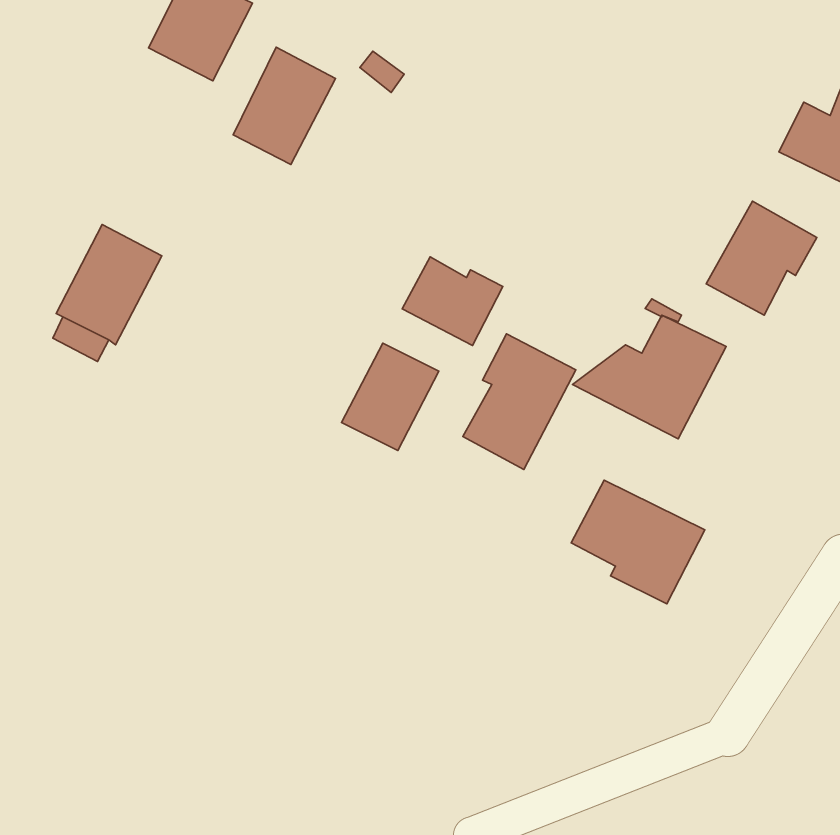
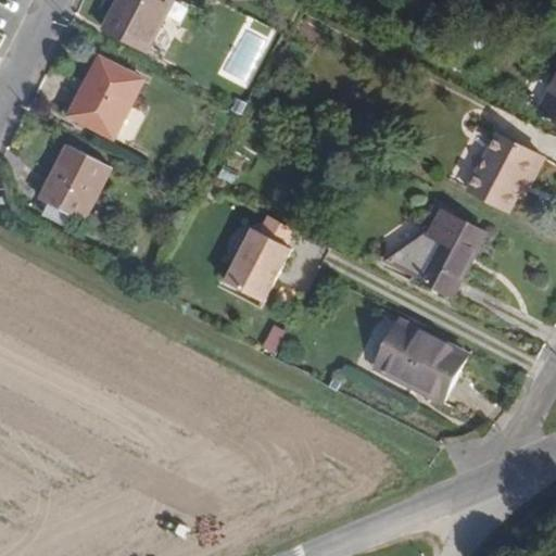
building: [233,47,336,164] -> [71,63,138,140]
building: [402,257,503,345] -> none
building: [463,334,576,469] -> none

